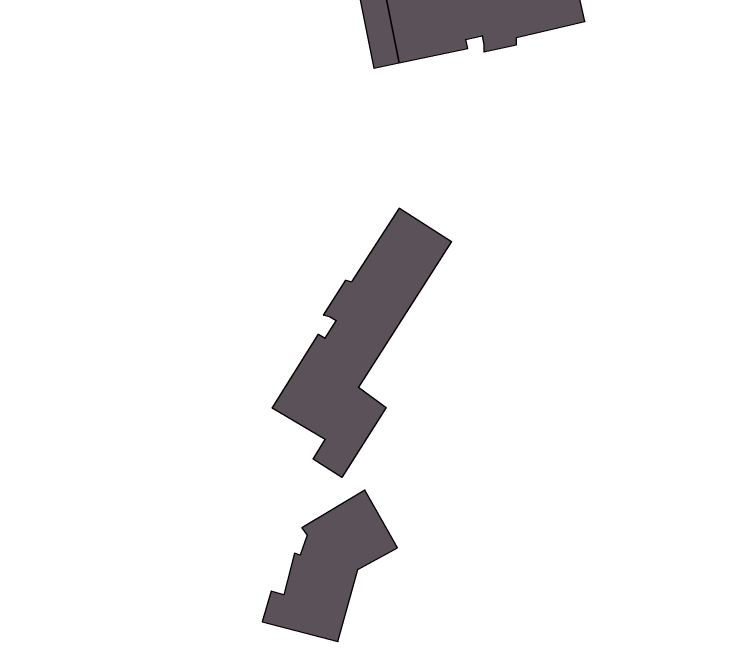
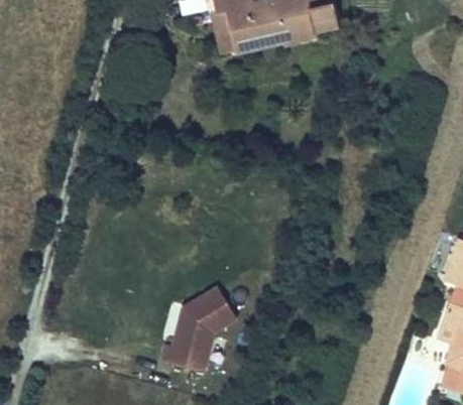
building: [272,208,451,477] -> none

